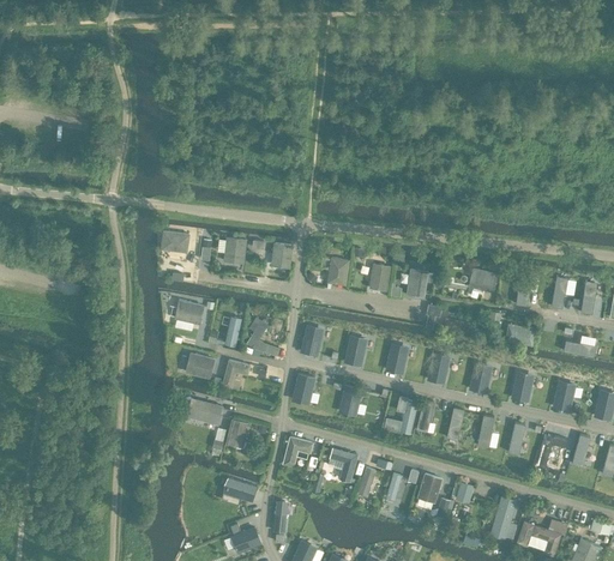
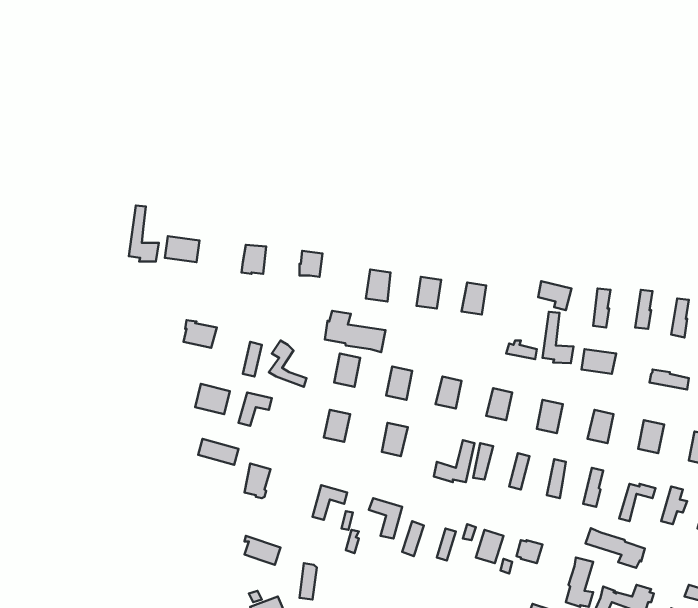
building: none -> [129,206,159,262]
building: none -> [325,311,385,352]
building: none -> [542,312,574,363]
building: none -> [585,528,645,568]

